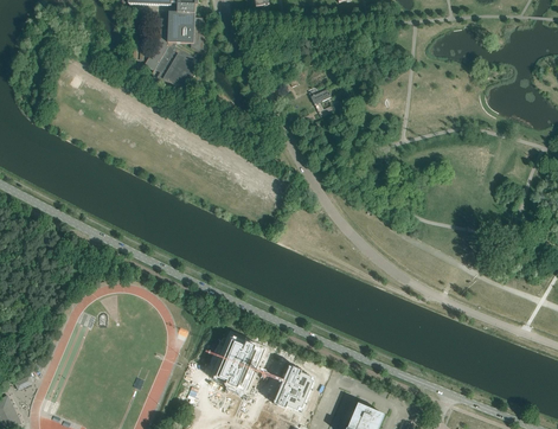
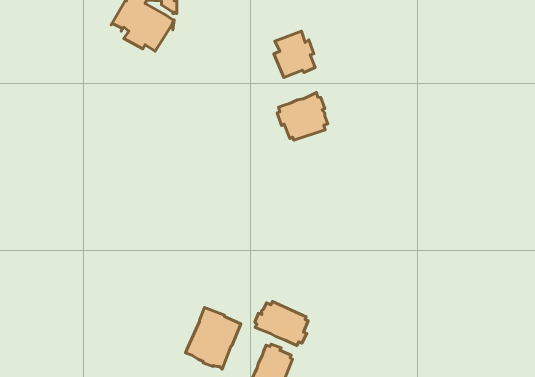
building: none -> [277,93,328,140]
building: none -> [255,301,308,345]

